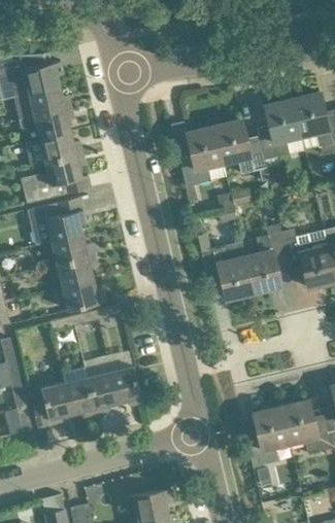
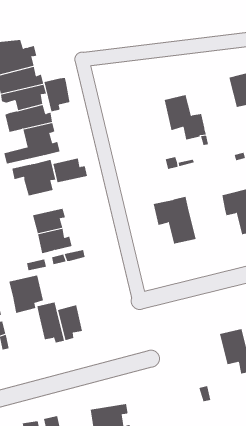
building: none -> [44,77,70,112]
building: [258,99,301,160] -> none
building: [173,126,227,186] -> none
building: [244,232,287,292] -> none
building: [52,234,94,264] -> [53,158,88,183]
building: [110,365,142,406] -> none
building: [29,382,71,428] -> [9,275,44,313]
building: [246,406,290,466] -> none

